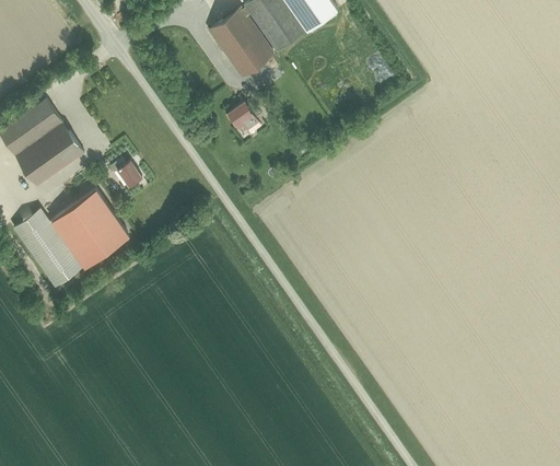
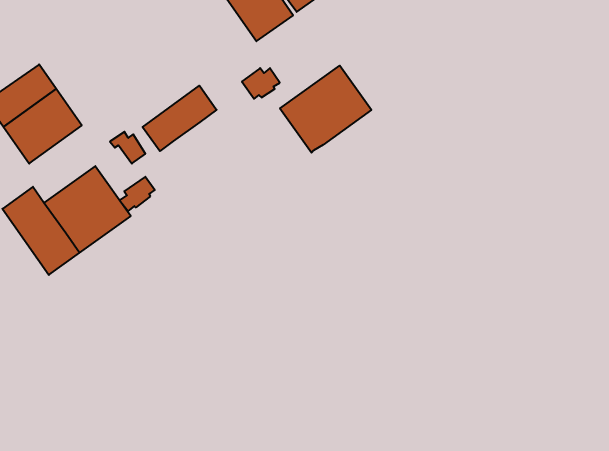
building: none -> [280,66,371,153]
building: none -> [143,86,217,151]
building: none -> [120,177,155,211]

